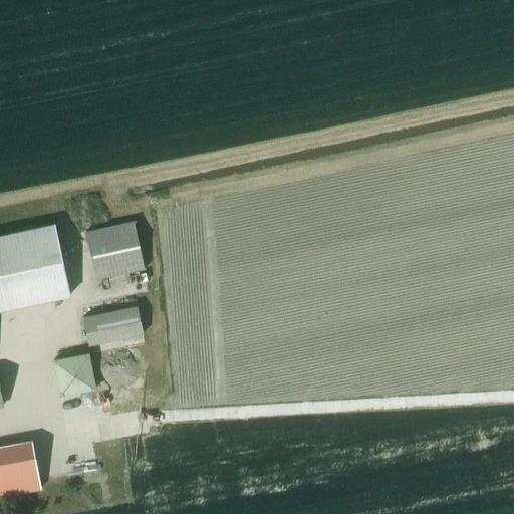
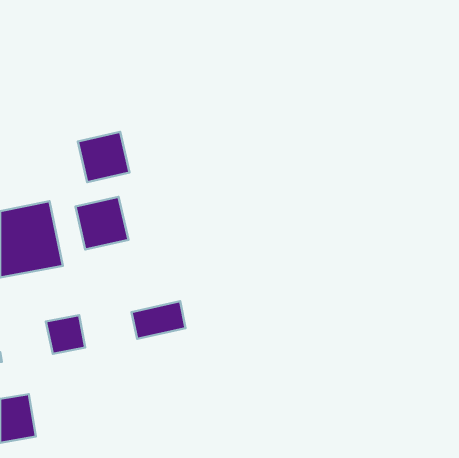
building: none -> [78,132,130,182]
building: [82,305,143,347] -> [132,301,186,339]

